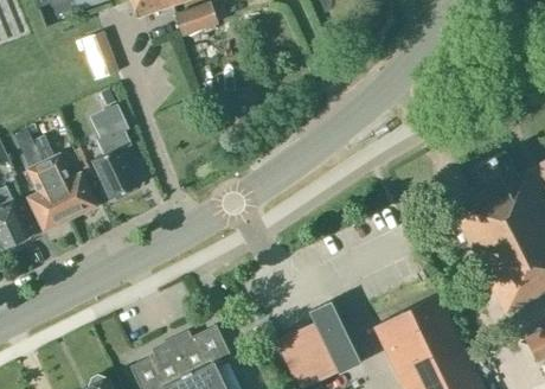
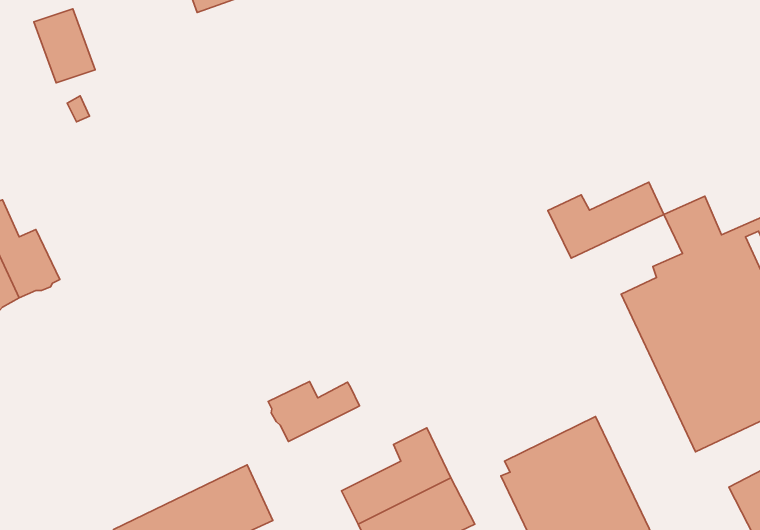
building: [92,106,139,198] -> none
building: none -> [548,182,664,258]
building: none -> [268,381,360,441]

